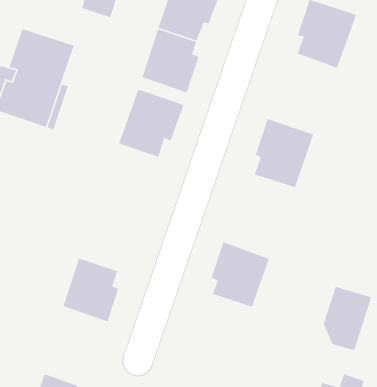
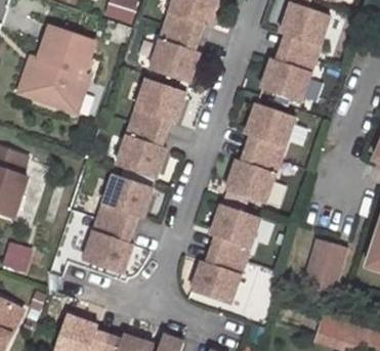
building: none -> [262,49,314,102]
building: none -> [118,124,167,178]
building: none -> [225,149,280,203]
building: none -> [99,173,154,229]
building: none -> [189,249,244,305]

